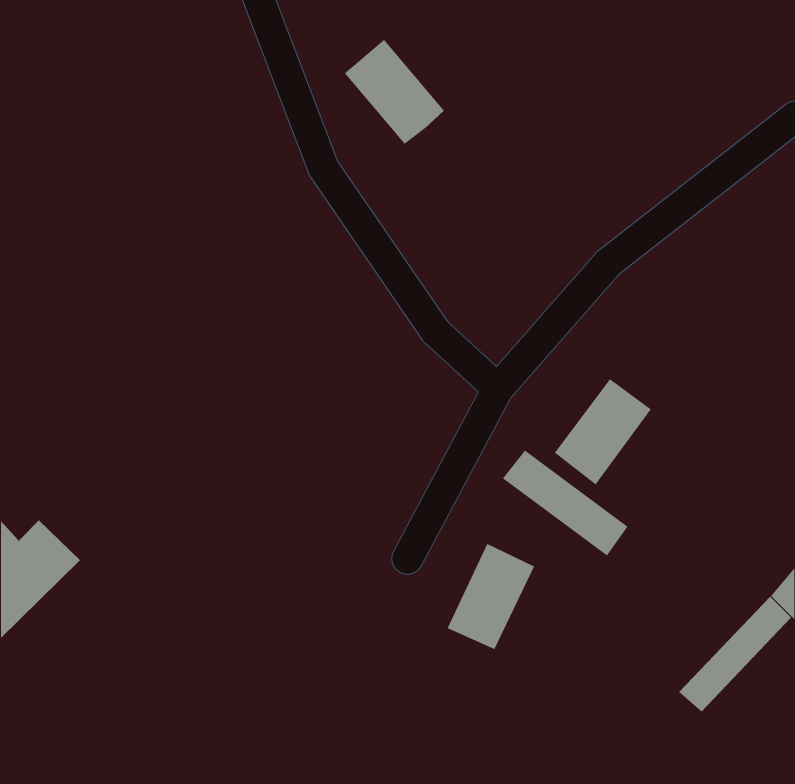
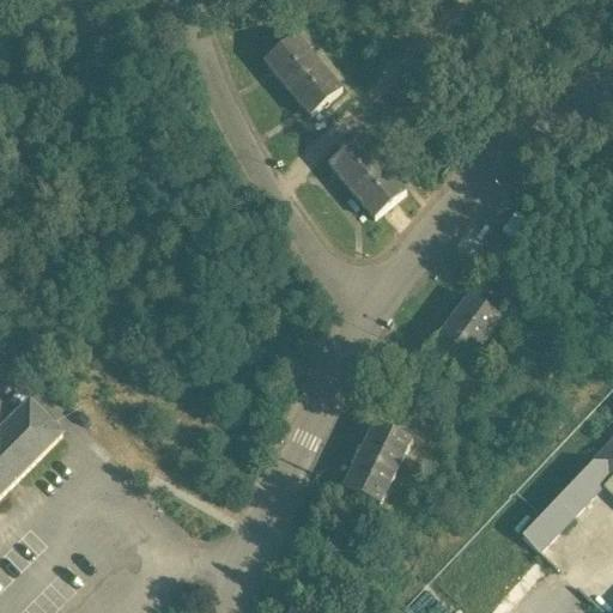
building: none -> [328,133,406,214]
building: [502,450,628,556] -> none

